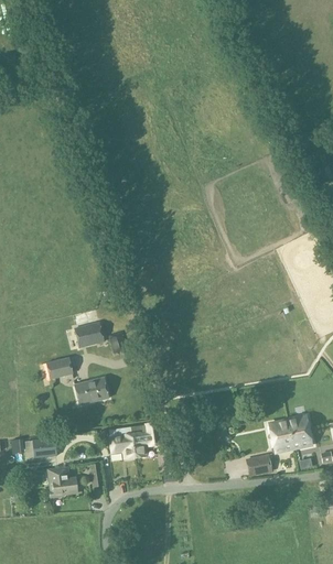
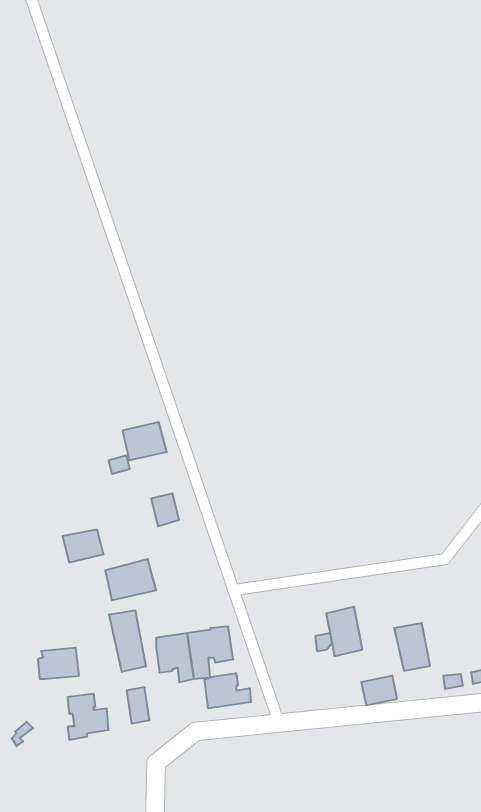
building: [73,322,103,347] -> [123,422,167,460]
building: none -> [109,610,146,672]
building: [289,414,313,447] -> [326,607,362,656]
building: none -> [204,673,251,708]

